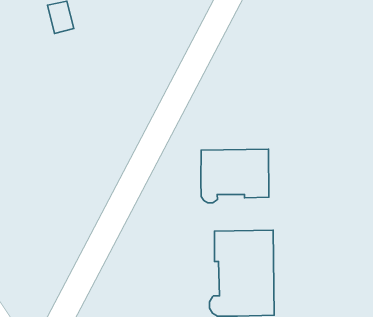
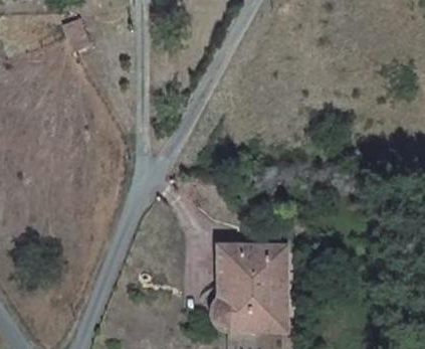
building: [201,149,269,203] -> none

